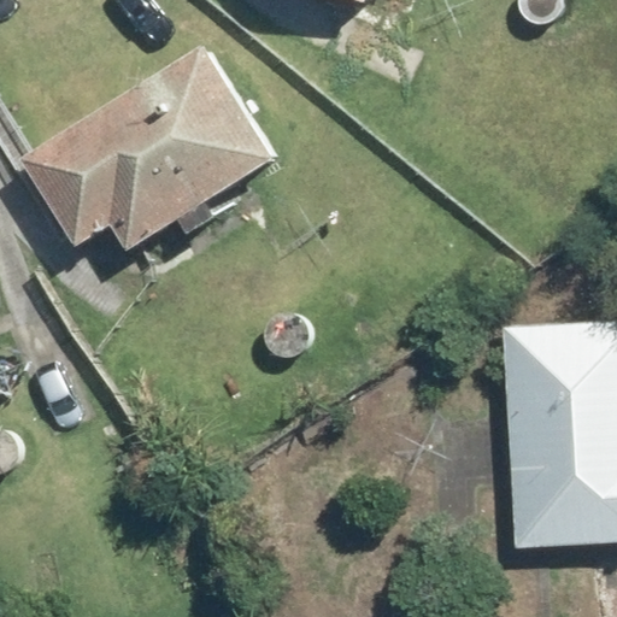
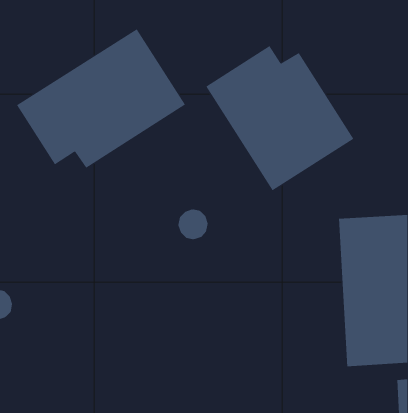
building: none -> [205,45,354,191]

